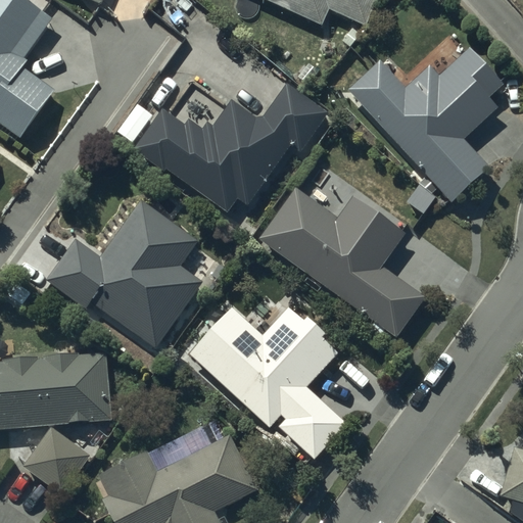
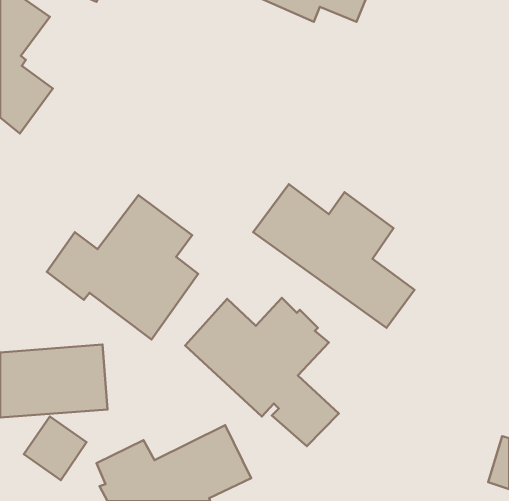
building: [348,50,502,201] -> none
building: [133,82,327,231] -> none

